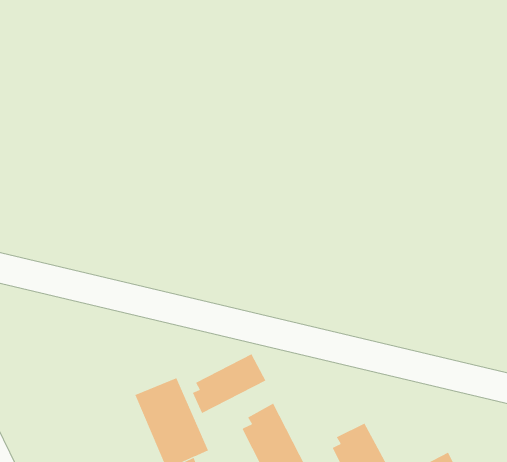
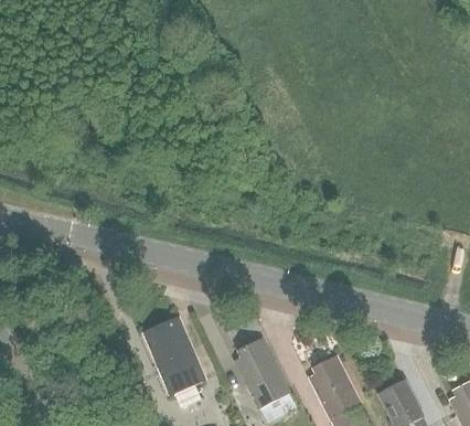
building: [192,353,266,414] -> none

